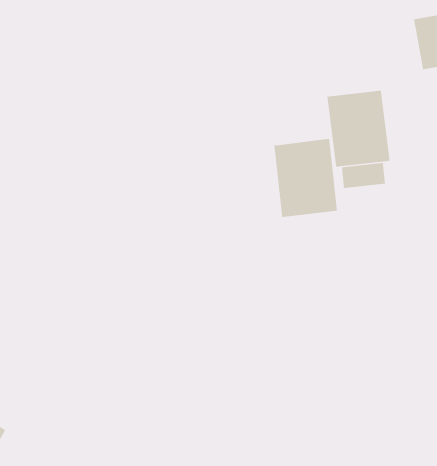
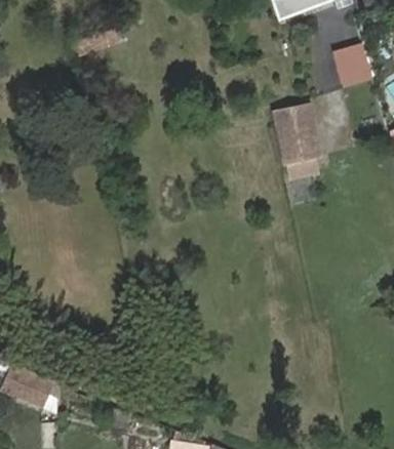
building: [274,138,338,218] -> none

